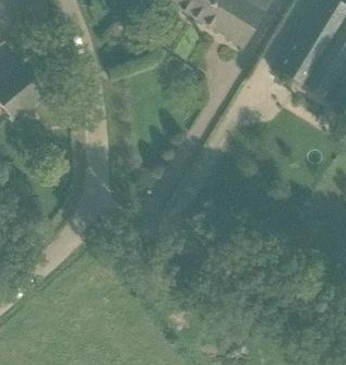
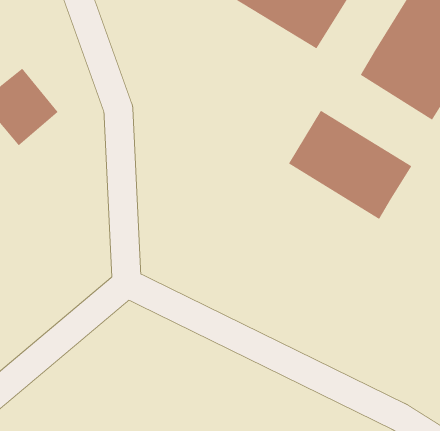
building: none -> [288,110,412,220]

